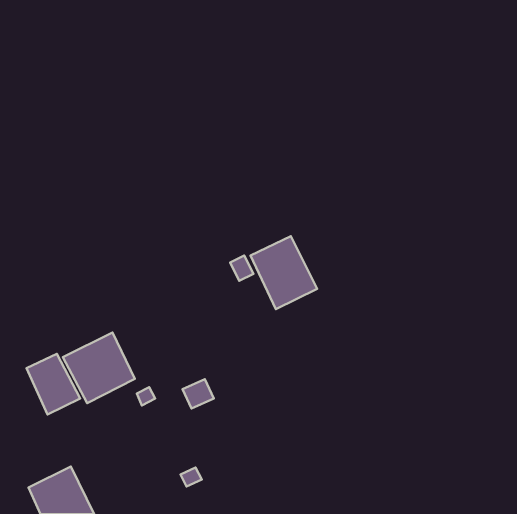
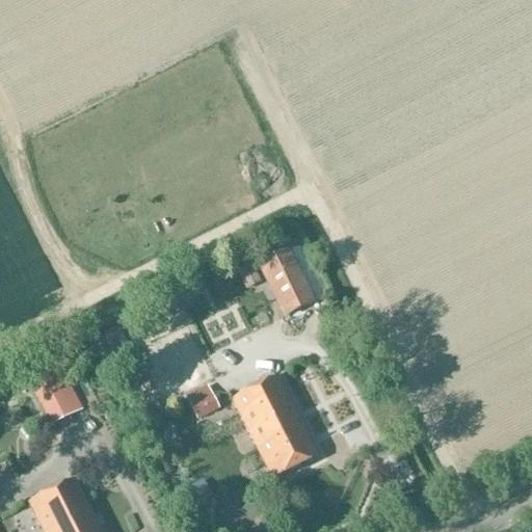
building: [63,332,135,403] -> none
building: none -> [234,376,319,478]

